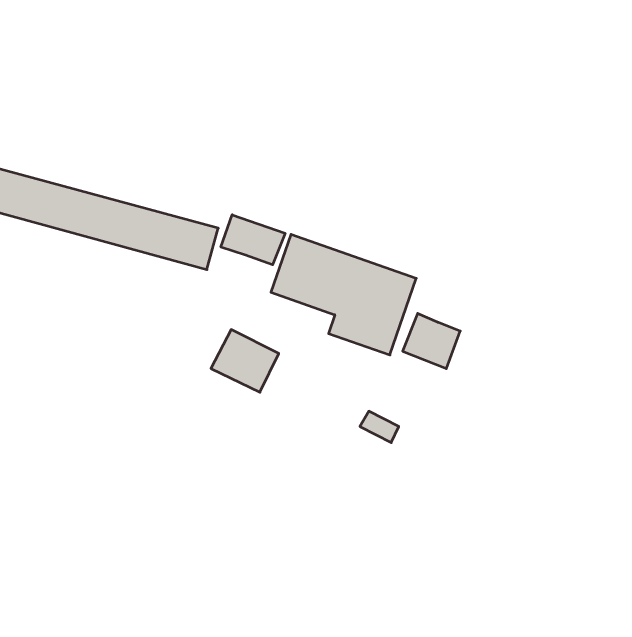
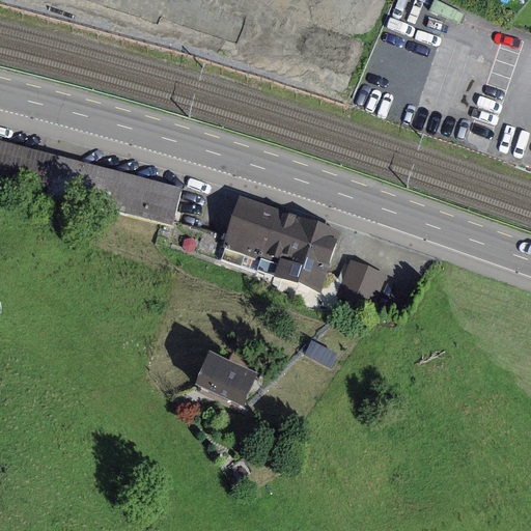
building: [221,215,285,265] -> none
building: [211,330,279,392] -> [193,352,249,403]

